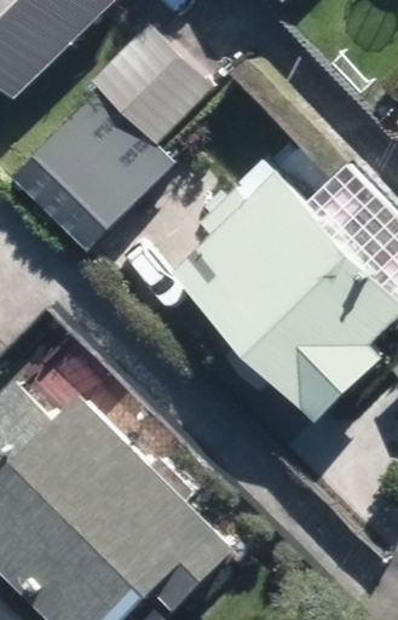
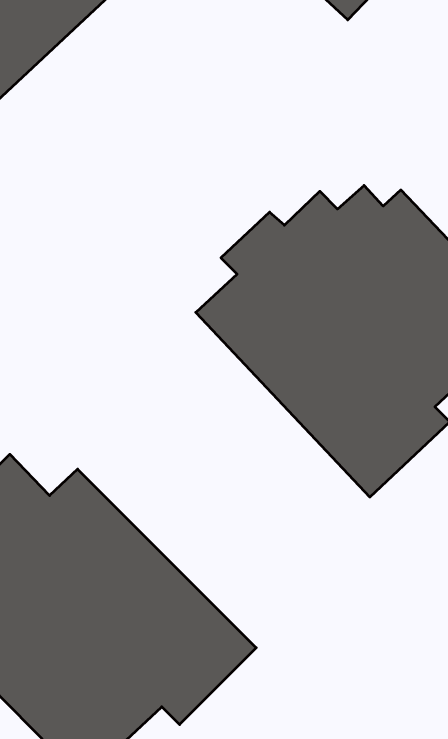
building: [31,23,210,231] -> none

